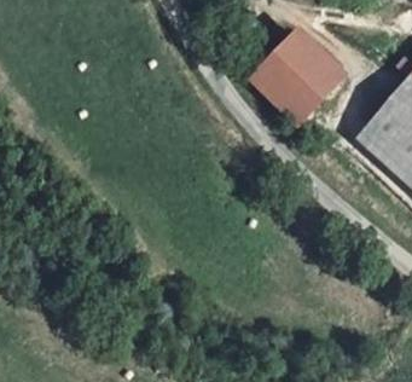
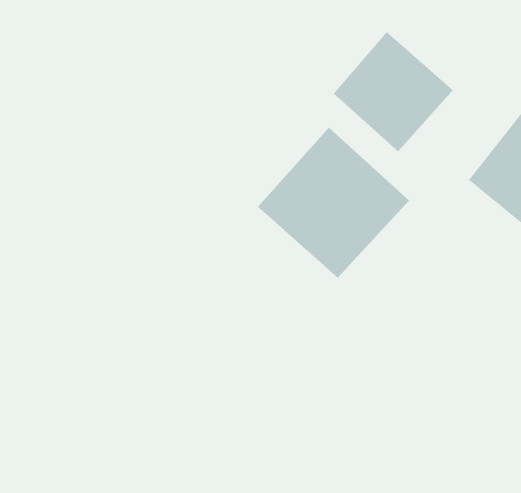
building: none -> [257,127,410,279]

